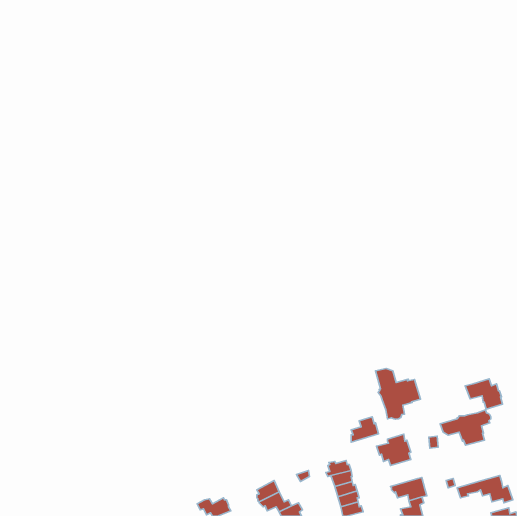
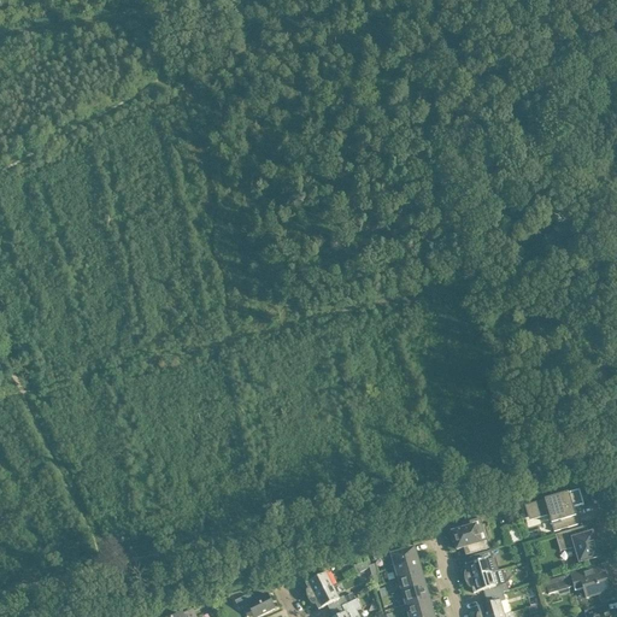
building: [375,368,420,419] -> none
building: [465,379,502,409] -> [554,525,599,562]
building: [351,417,378,442] -> [465,550,498,580]

